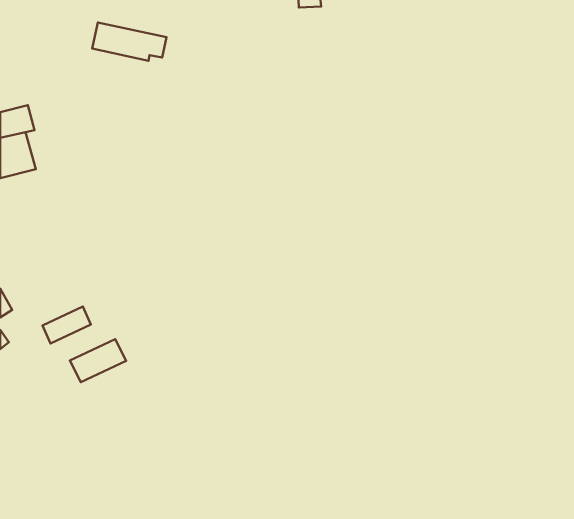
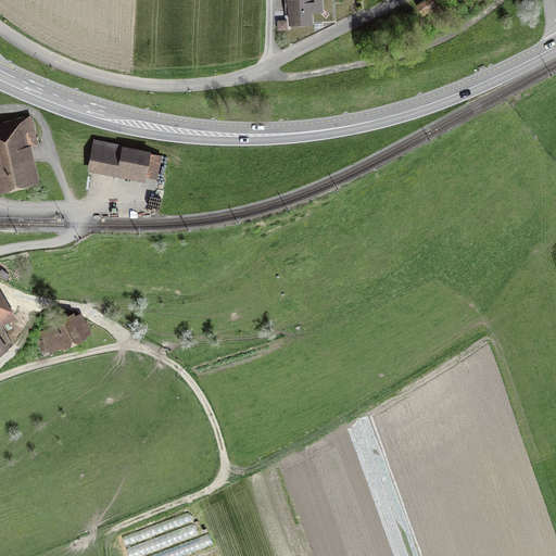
building: [92,23,167,61] -> [88,144,160,181]
building: [70,339,126,382] -> none

